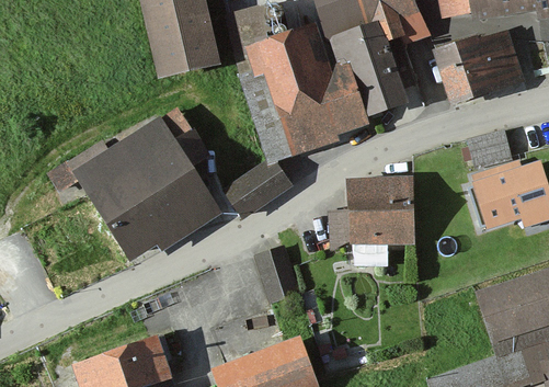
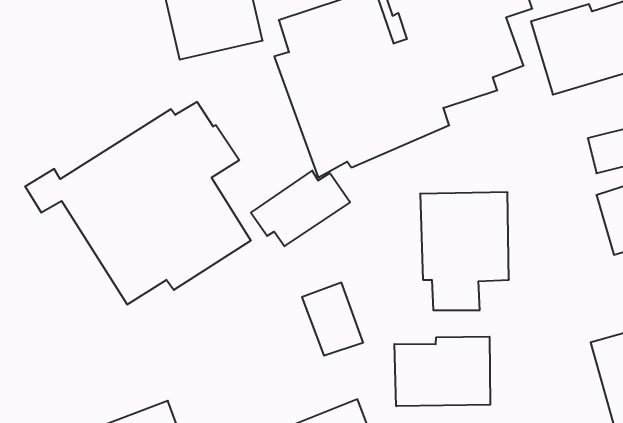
building: none -> [394,337,490,406]

